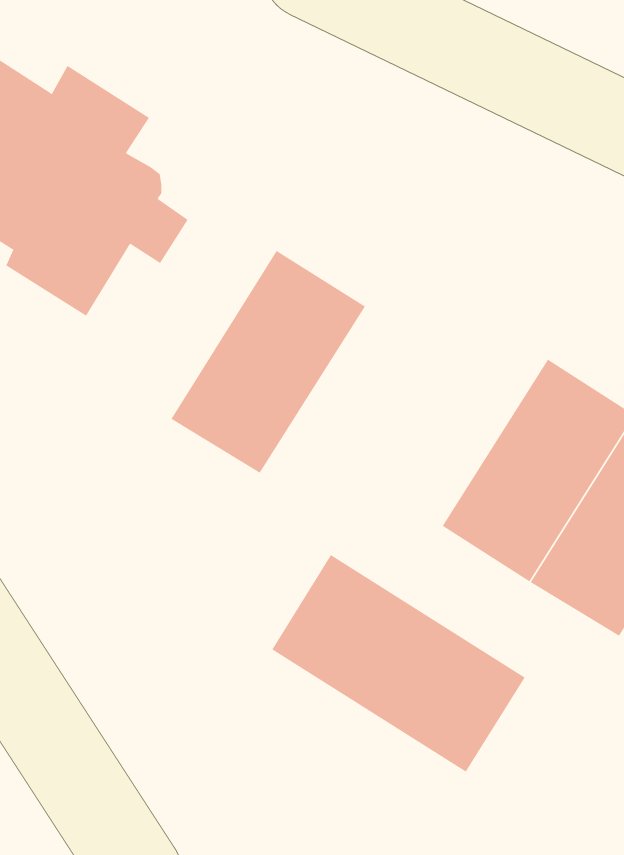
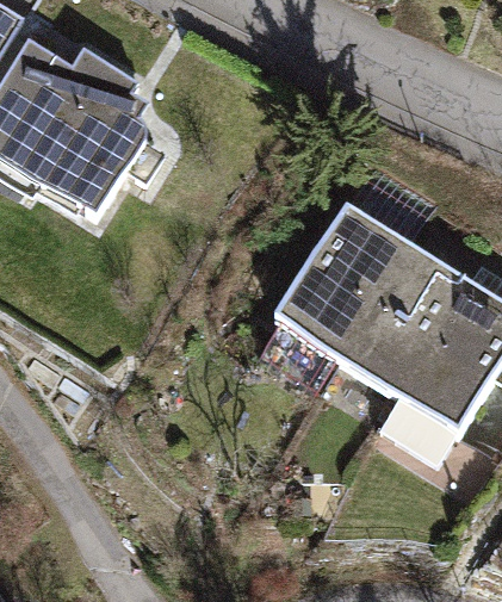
building: [171,250,366,473] -> [272,206,404,358]
building: [271,554,525,773] -> none

